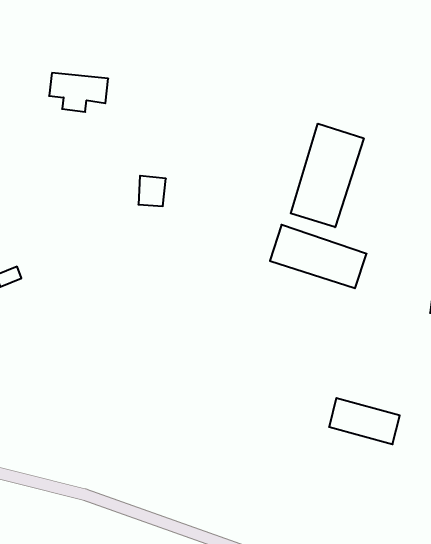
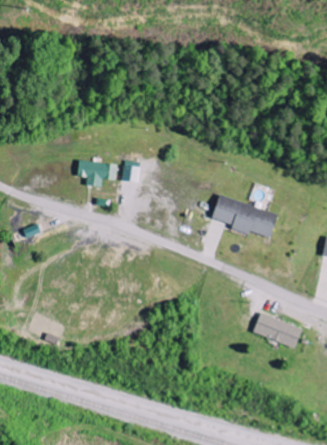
building: [49,73,108,112] -> [77,159,118,186]
building: [291,124,364,227] -> none

